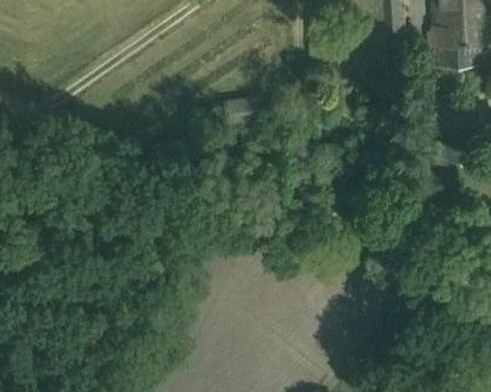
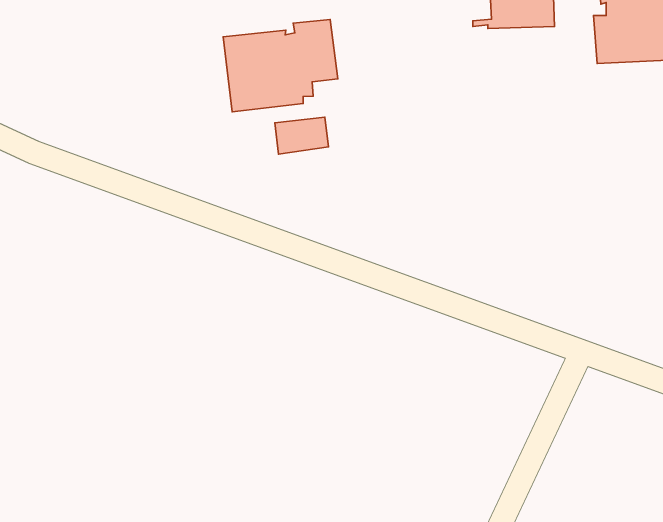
building: none -> [223,20,338,112]

